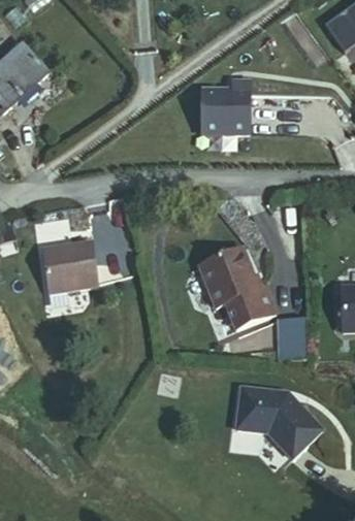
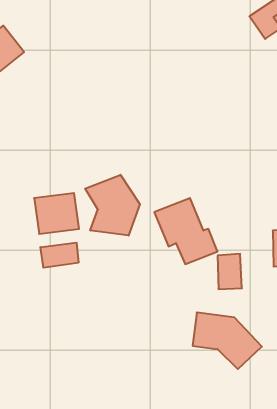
building: [192,82,240,134] -> none
building: none -> [85,175,140,236]
building: none -> [40,243,78,268]

